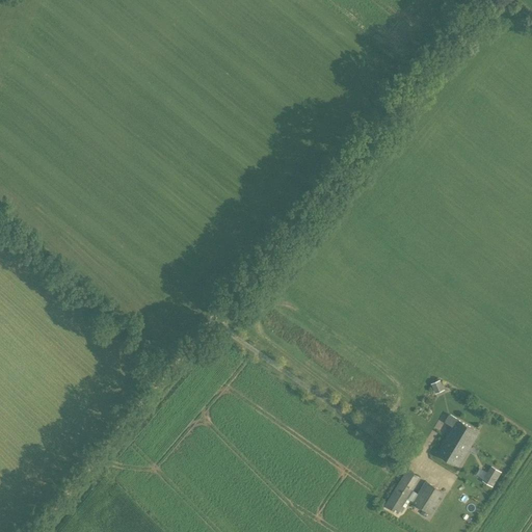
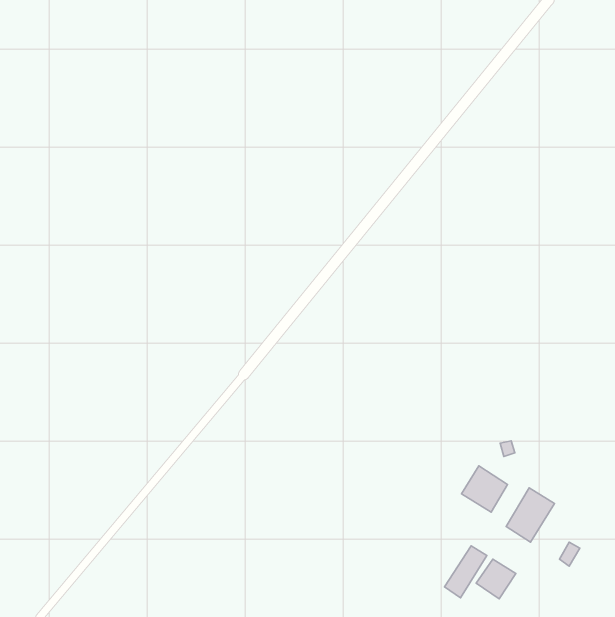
building: none -> [461,466,508,512]

